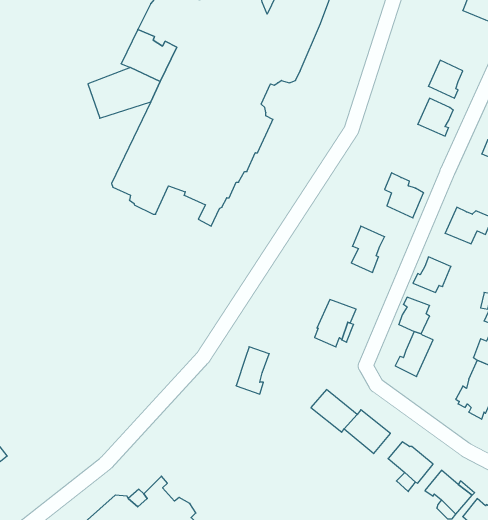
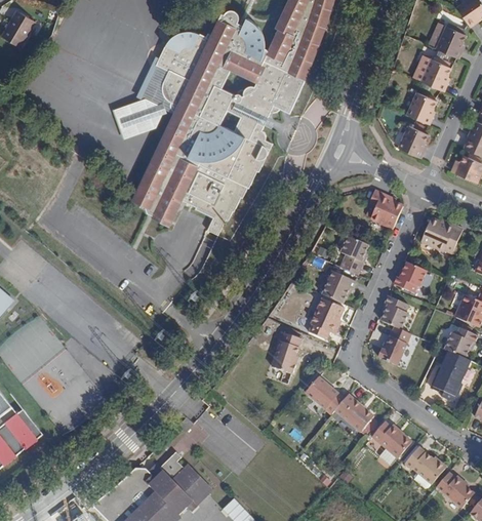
building: none -> [420,59,450,90]
building: none -> [321,273,355,303]
building: [236,347,269,394] -> [272,332,300,373]

